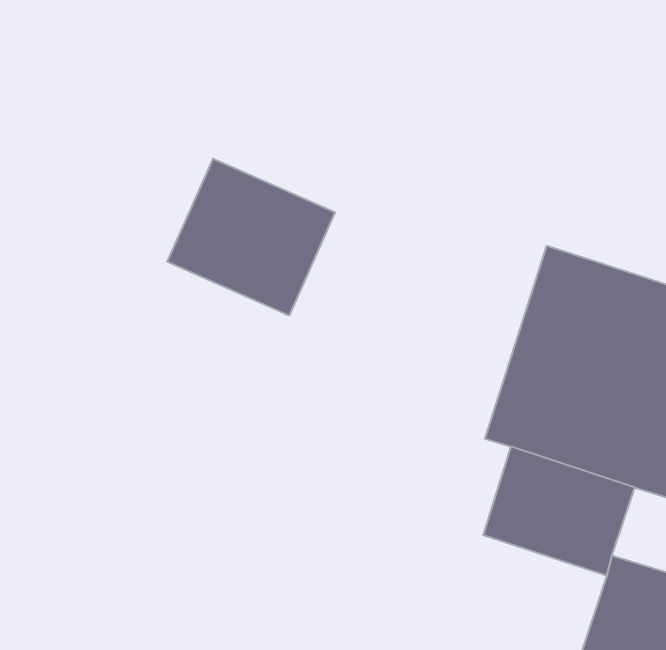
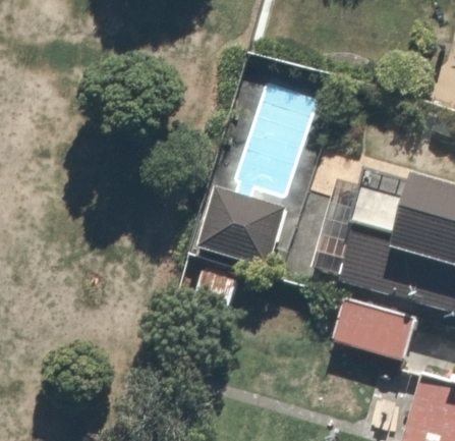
building: [167,159,335,315] -> [201,178,305,276]

